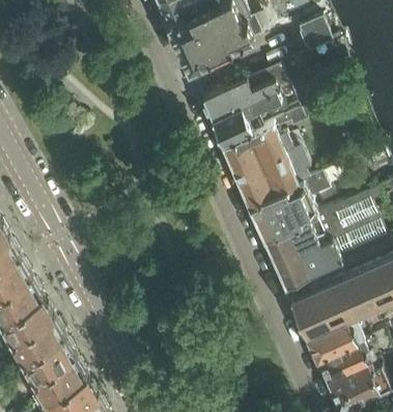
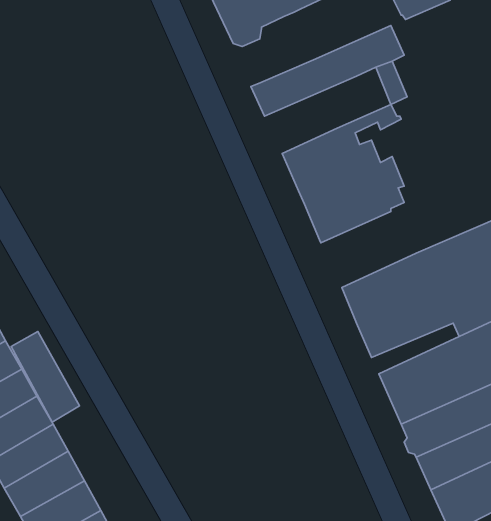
building: [210,97,280,150] -> none
building: [250,180,328,244] -> none
building: none -> [11,332,79,422]

